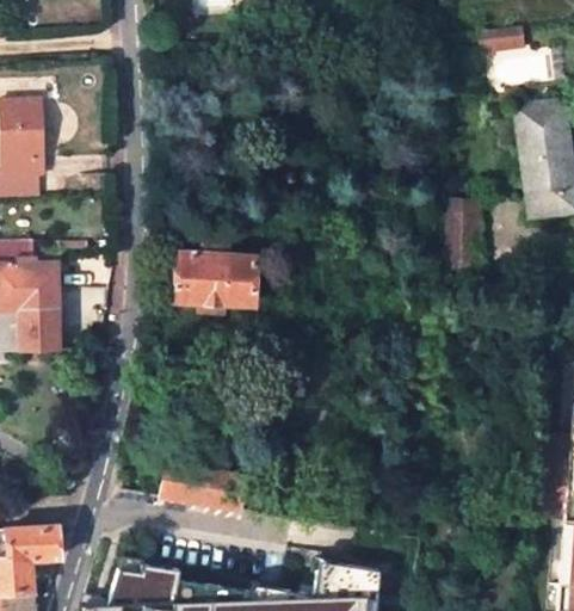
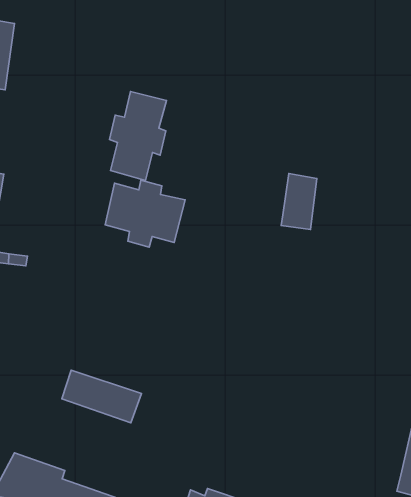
building: none -> [110,91,167,180]
building: [448,220,481,277] -> [281,174,317,230]

